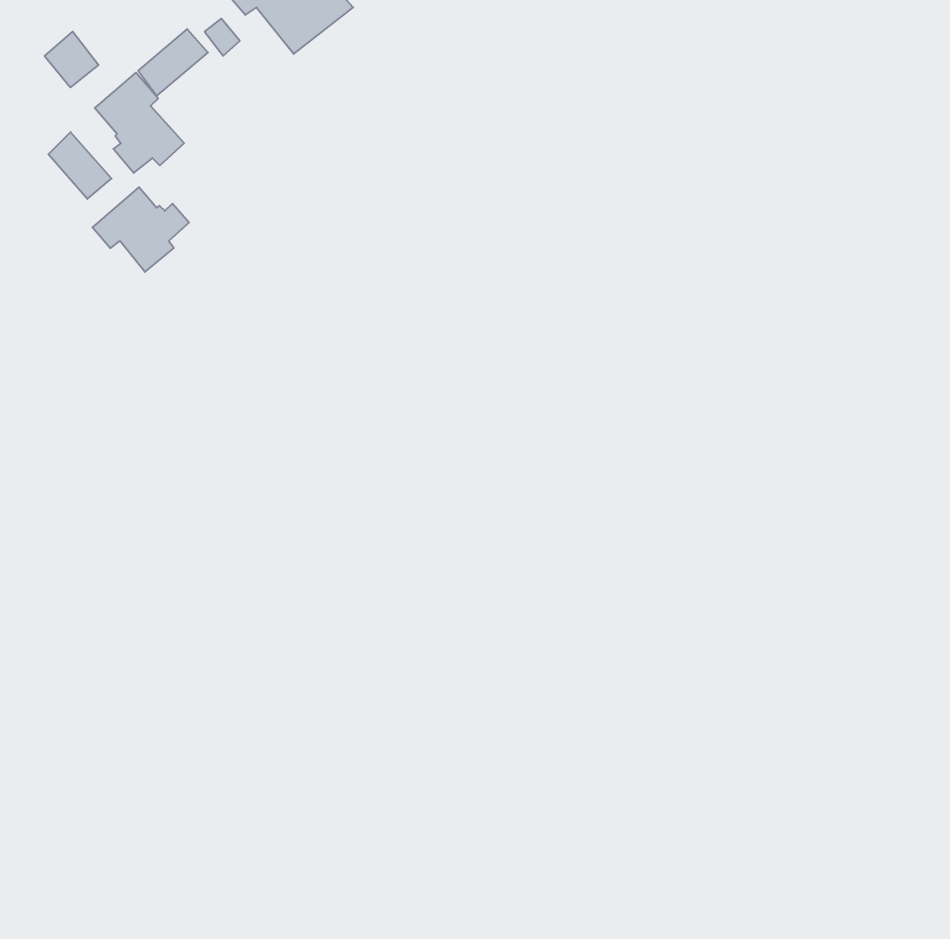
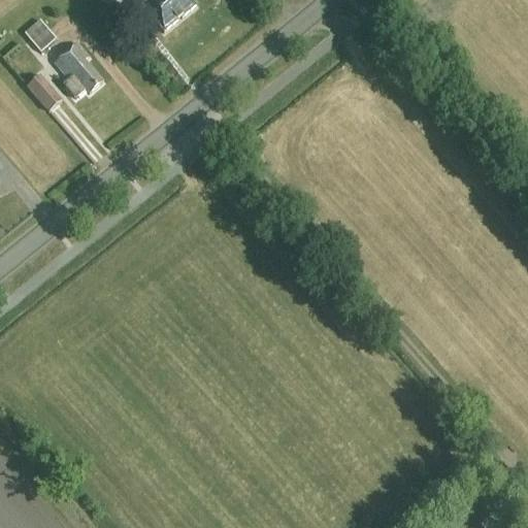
building: [138,29,208,96] -> none
building: [92,187,189,272] -> none

